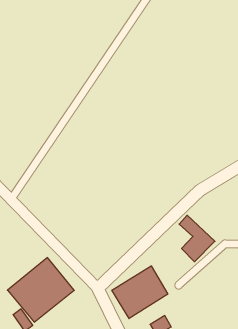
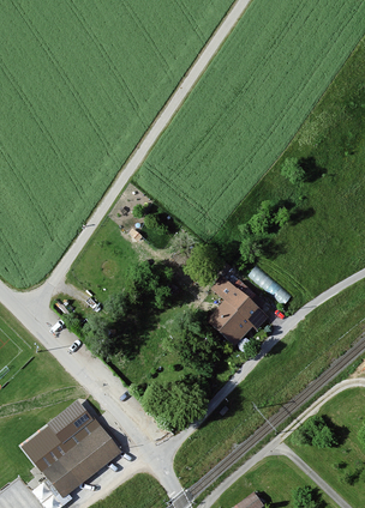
building: [179,215,215,262] -> [208,274,261,343]
building: [112,266,168,319] -> none

